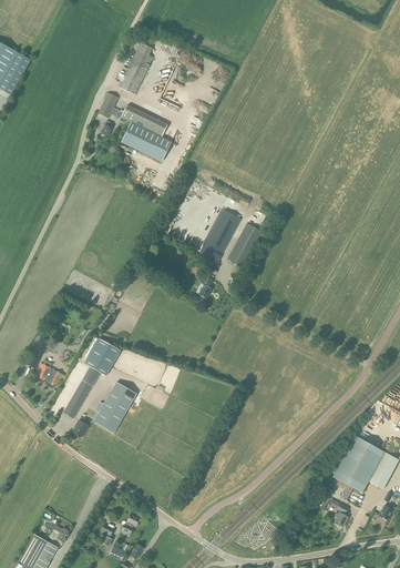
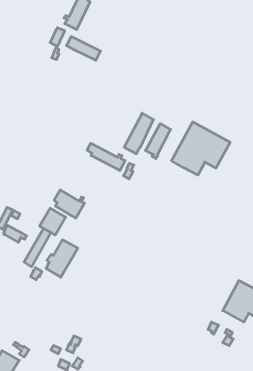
building: [122,122,171,161] -> none
building: none -> [172,122,230,175]
building: none -> [87,143,125,171]
building: none -> [54,190,85,218]

